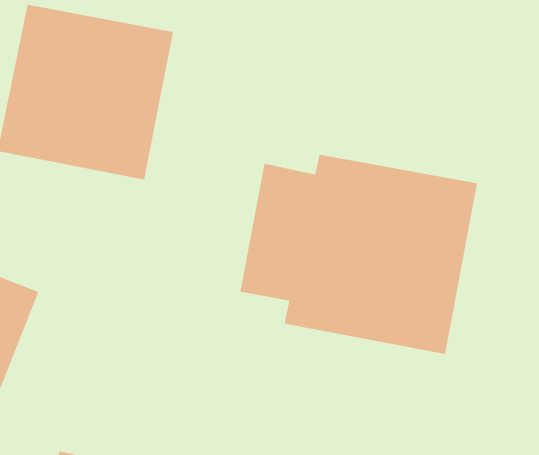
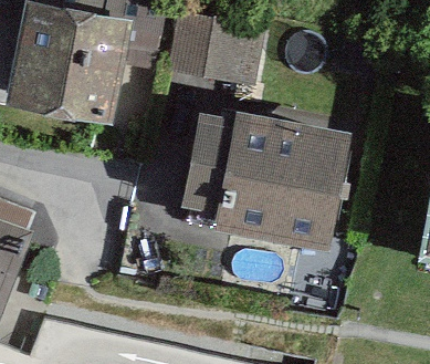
building: none -> [165,17,262,93]

